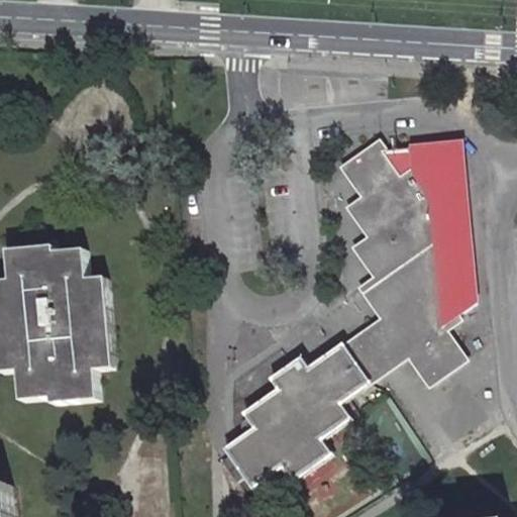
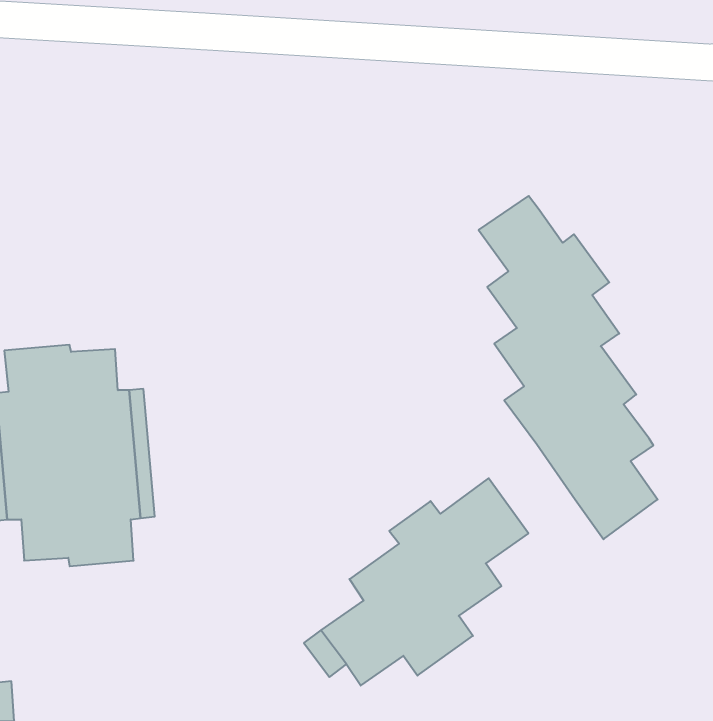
building: [383,138,469,312] -> none
building: [347,316,409,380] -> none

